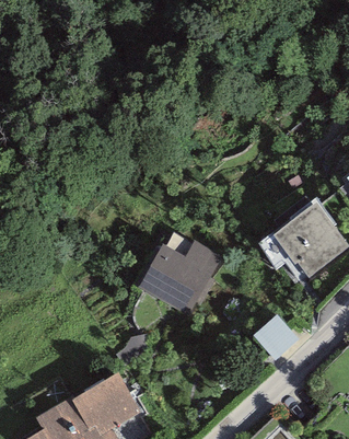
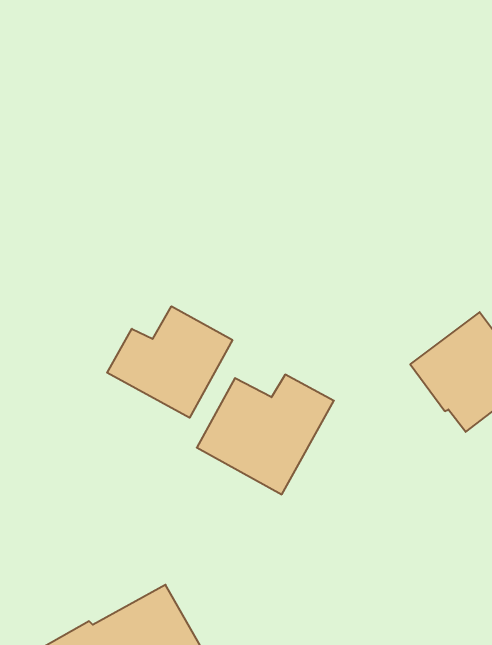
building: none -> [107,306,232,418]
building: [253,314,298,360] -> none

